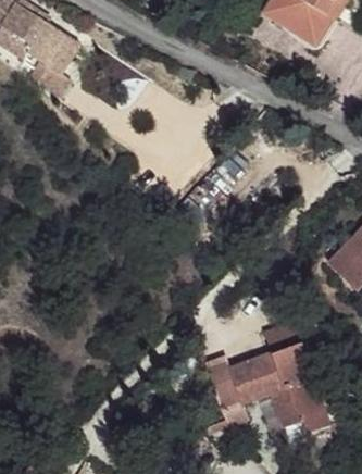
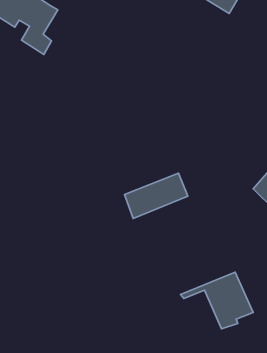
building: [225,341,305,399] -> [125,173,188,219]

